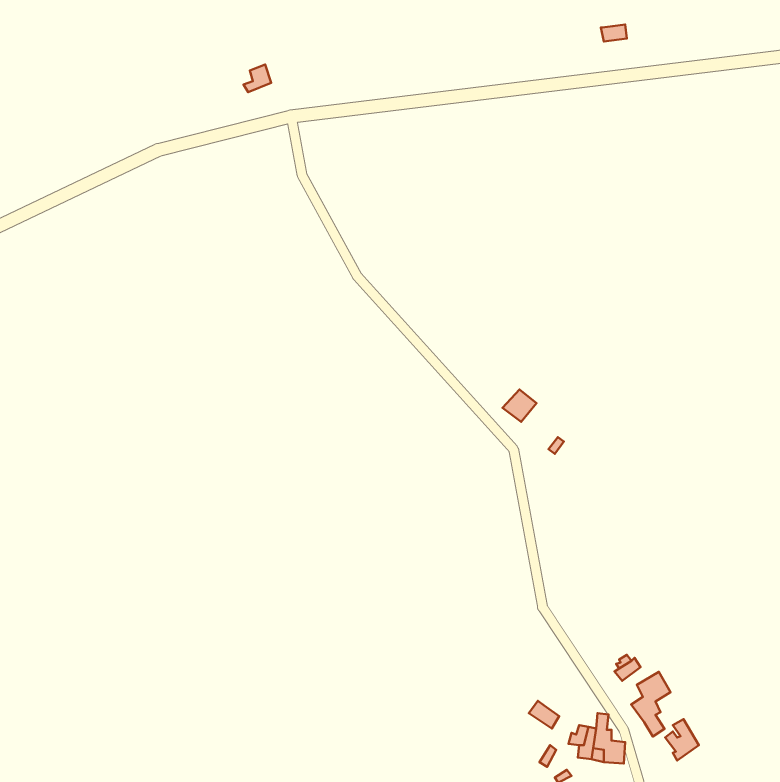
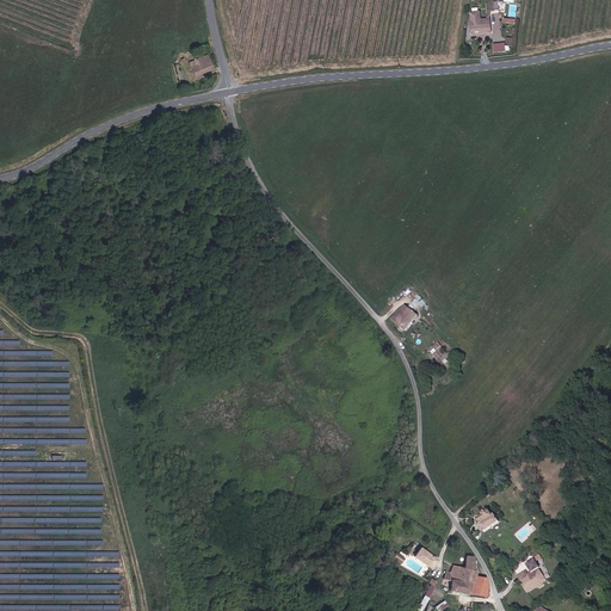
building: [631,672,670,736] -> none

